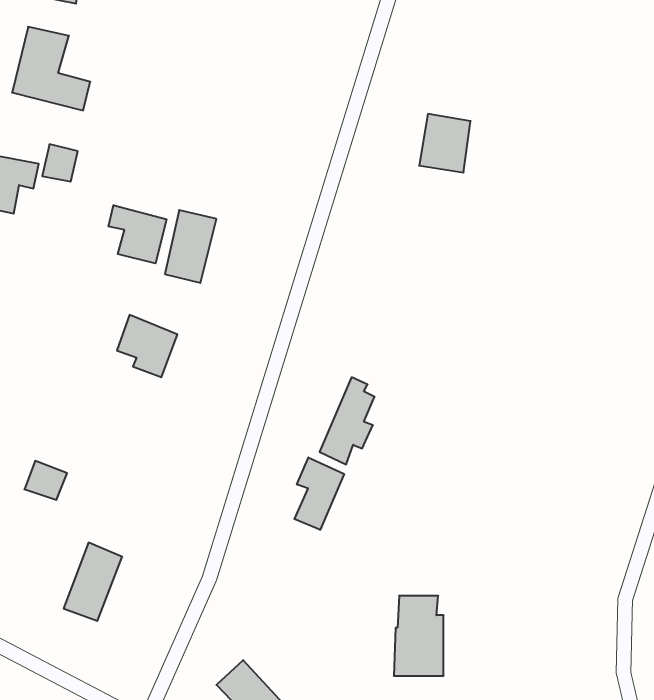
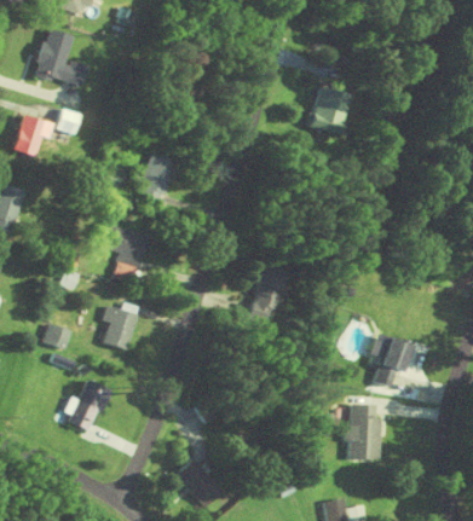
building: [108,205,166,263] -> none
building: none -> [104,308,137,349]
building: [294,457,344,530] -> none
building: none -> [370,338,408,384]
building: [394,596,444,676] -> [347,405,381,459]

